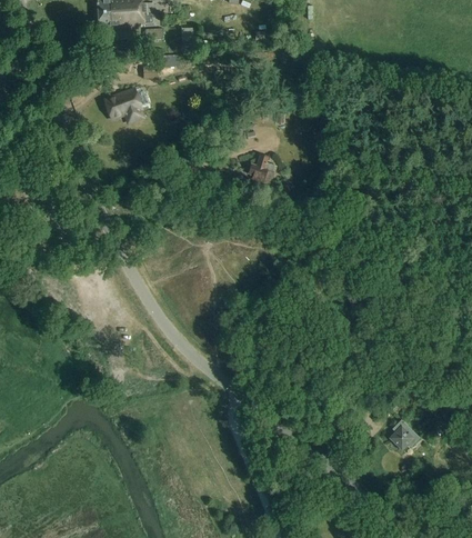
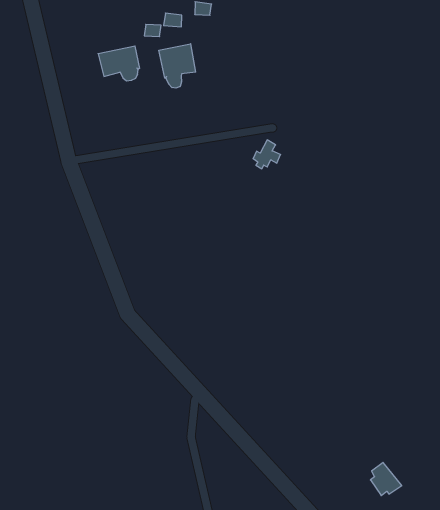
building: none -> [159,44,196,88]

